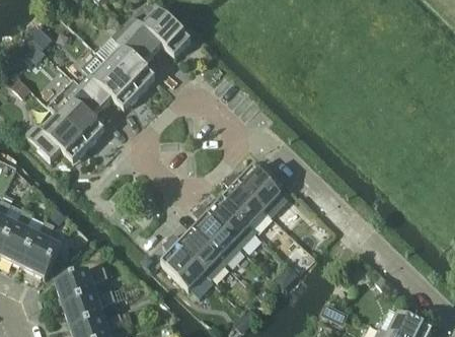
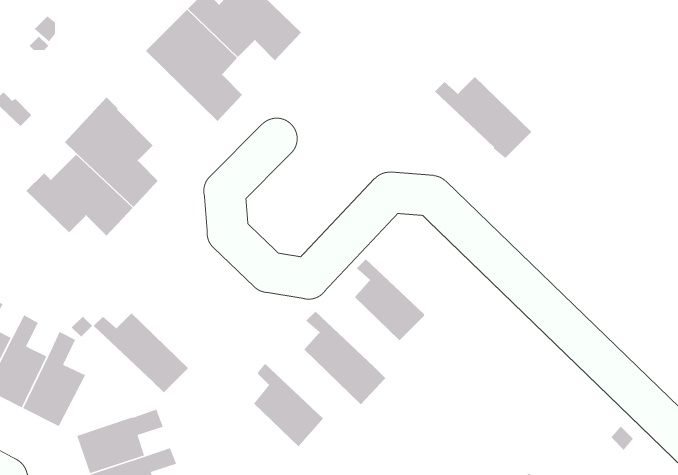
building: [80,51,140,110] -> none
building: [229,166,288,216] -> [434,76,532,159]
building: [199,199,256,248] -> none
building: [168,230,226,279] -> [93,312,189,393]

